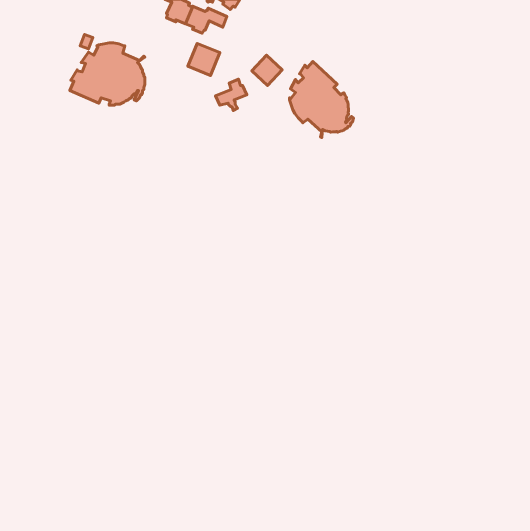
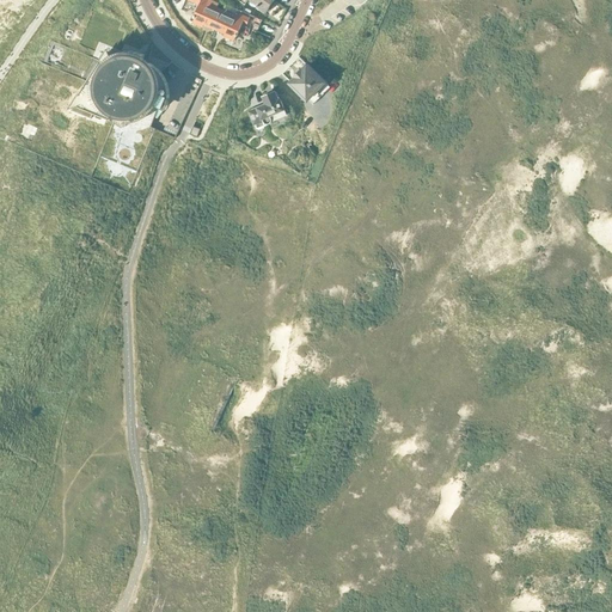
building: [188,43,220,75] -> none
building: [289,62,353,137] -> none

